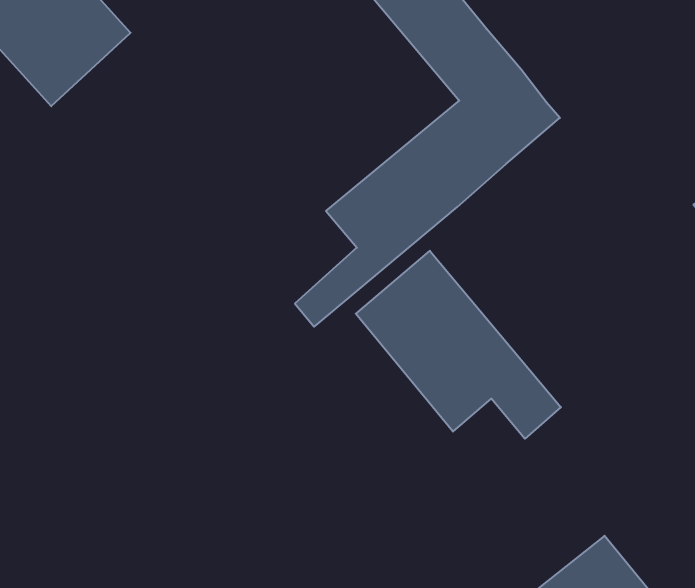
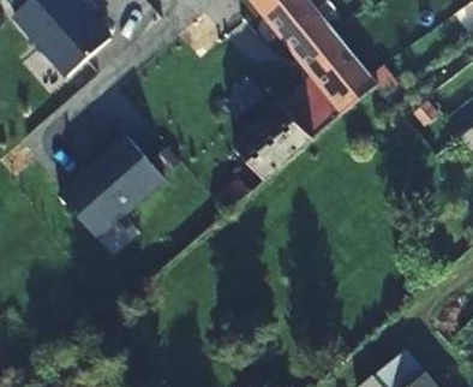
building: none -> [56,130,166,254]
building: [356,251,561,439] -> none

